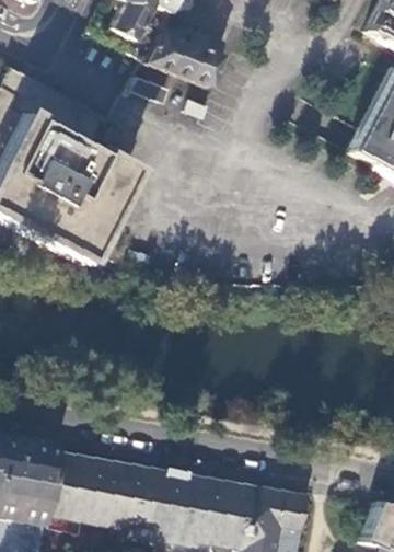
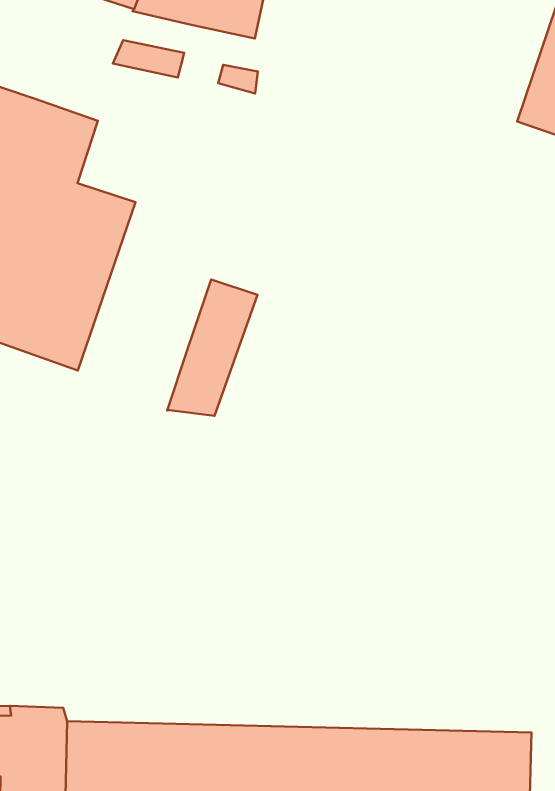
building: none -> [167,279,257,416]

